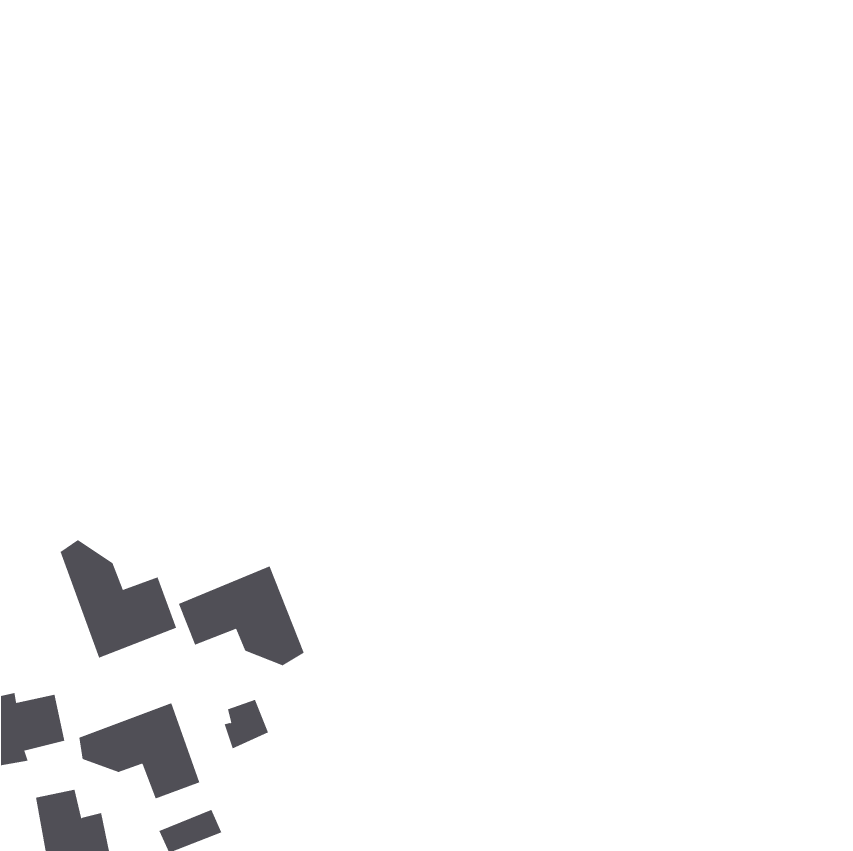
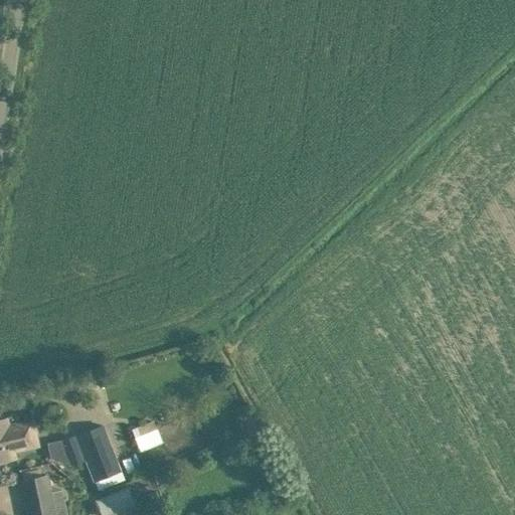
building: [60,539,177,658] -> none
building: [178,565,305,666] -> none

